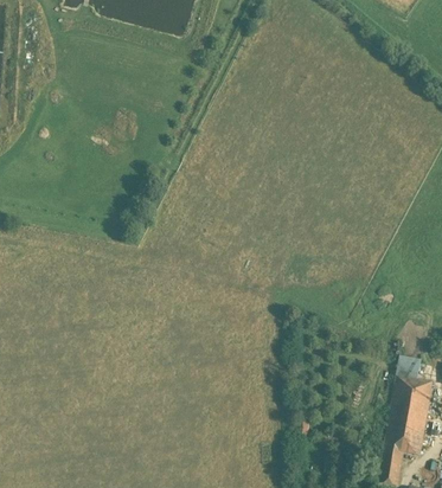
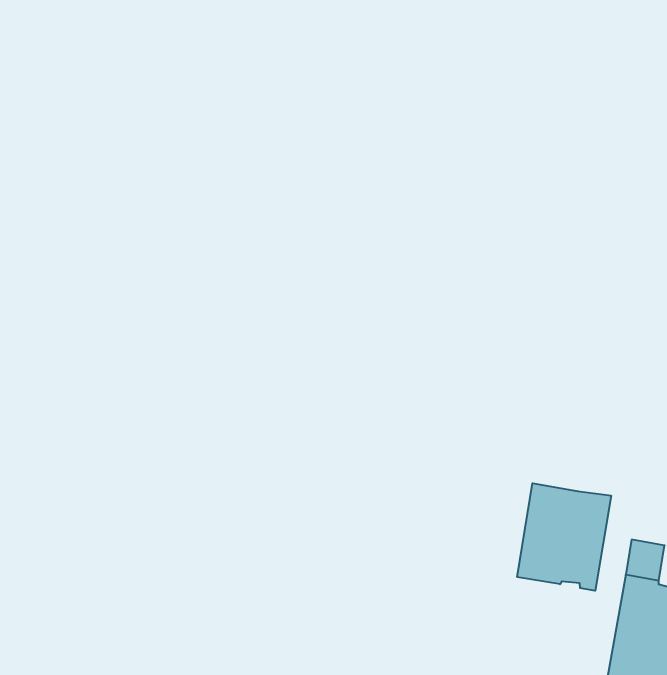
building: none -> [517,483,611,591]

